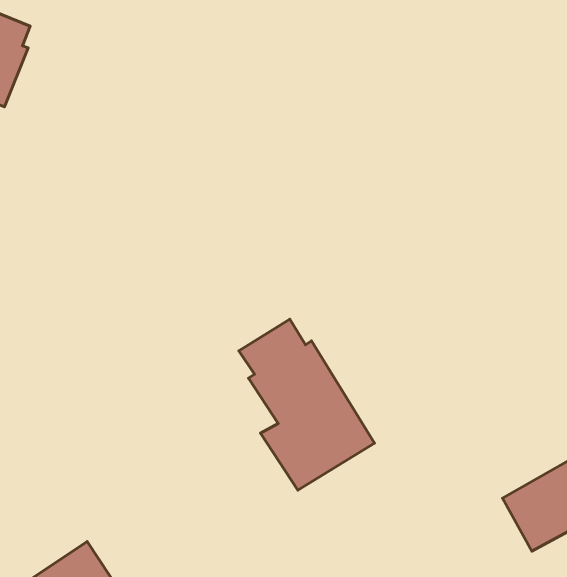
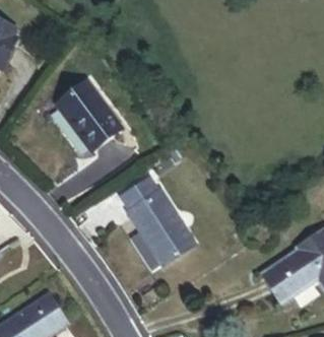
building: none -> [59,80,123,148]

